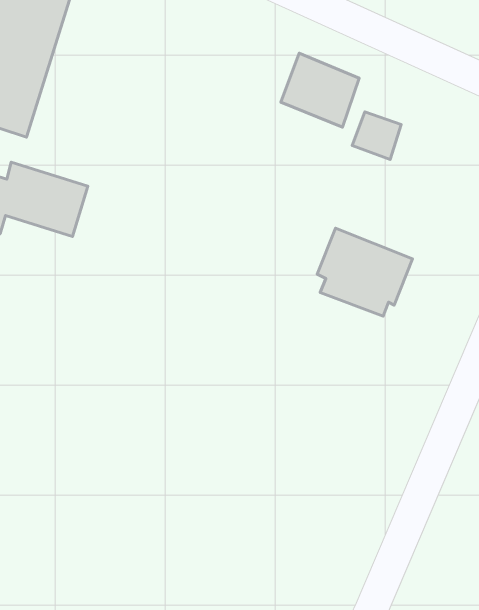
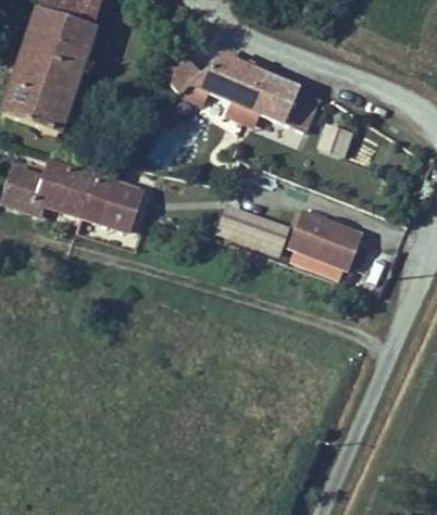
building: none -> [166,54,272,127]
building: none -> [96,179,149,230]
building: none -> [215,210,285,254]

